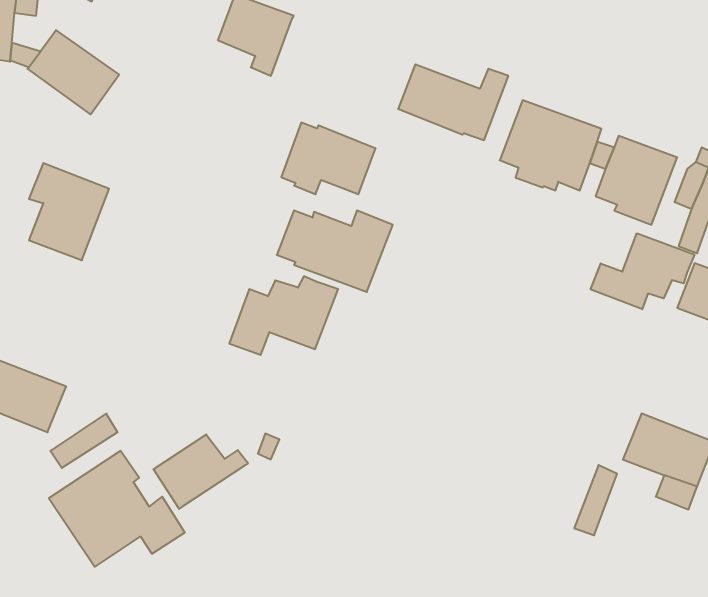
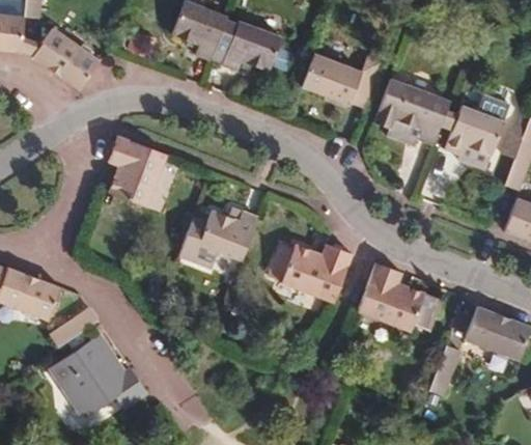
building: [281,123,376,194] -> [211,21,279,73]
building: [29,163,109,260] -> [108,136,166,206]
building: [277,210,393,292] -> [269,243,353,302]
building: [591,233,694,309] -> none
building: none -> [358,262,442,331]
building: [154,434,248,509] -> none

